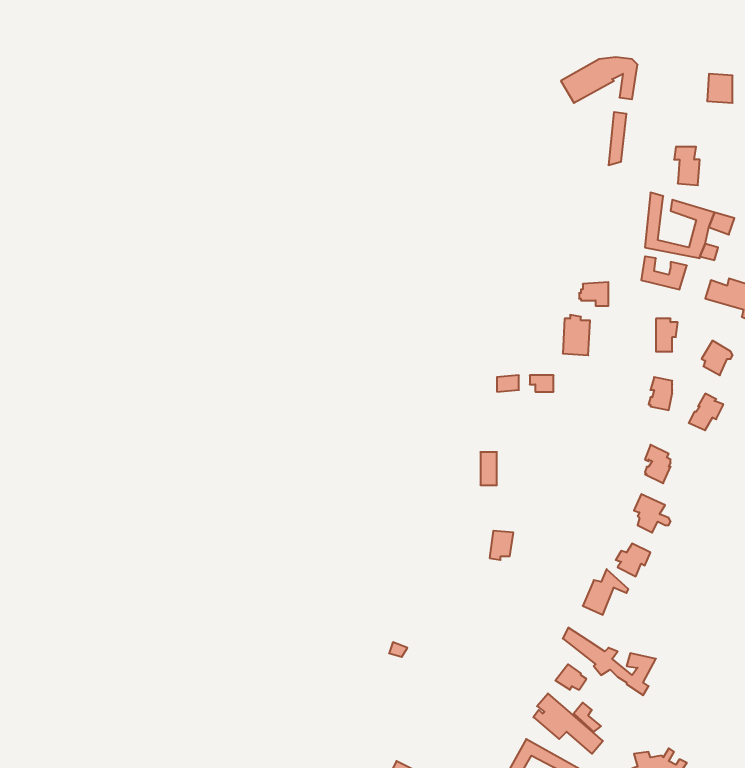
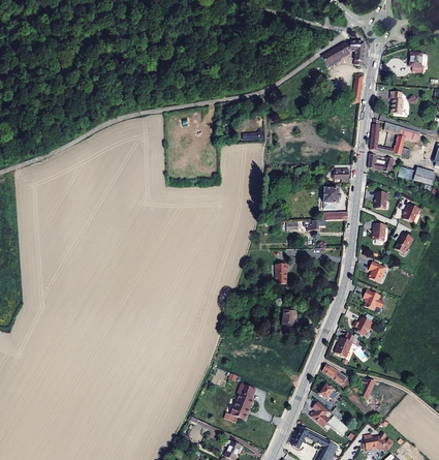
building: none -> [225,384,256,423]

